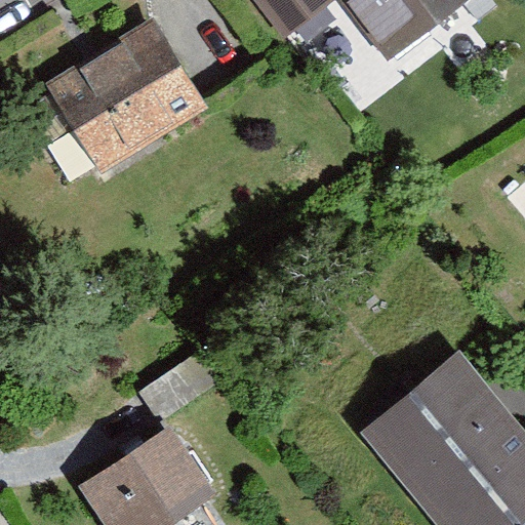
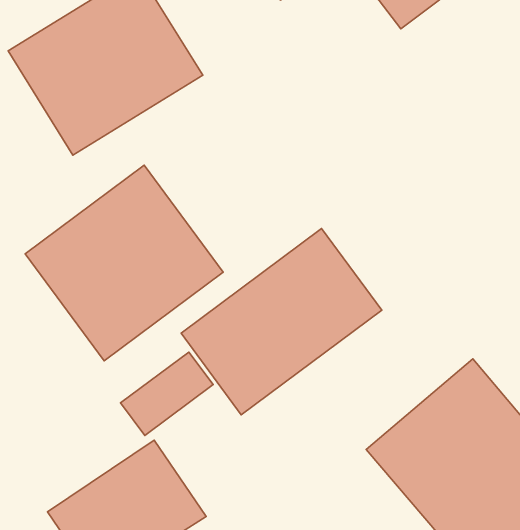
building: none -> [25,165,223,361]
building: none -> [181,228,382,415]

